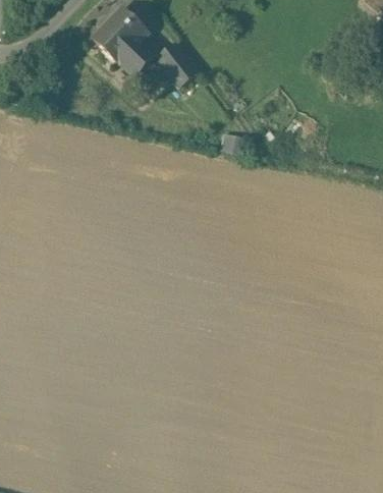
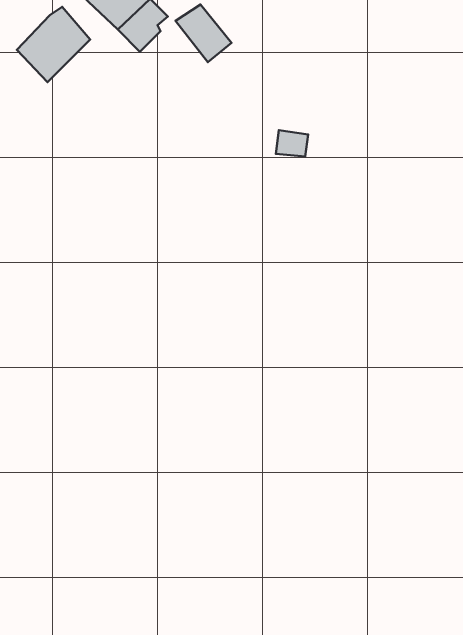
building: none -> [17,7,90,82]

